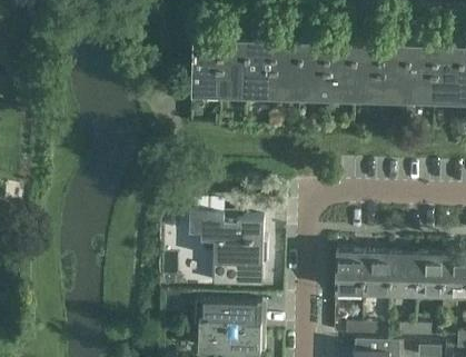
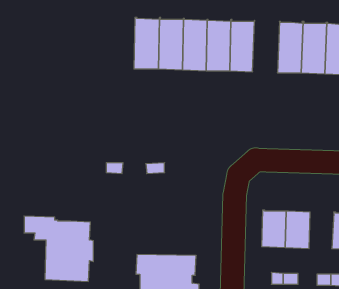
building: [325,41,355,100] -> none
building: [189,216,267,289] -> [24,216,93,281]
building: [388,257,416,298] -> none

